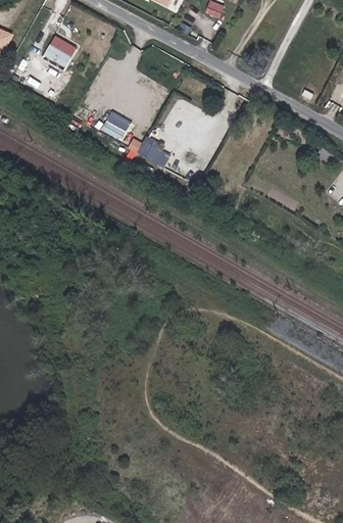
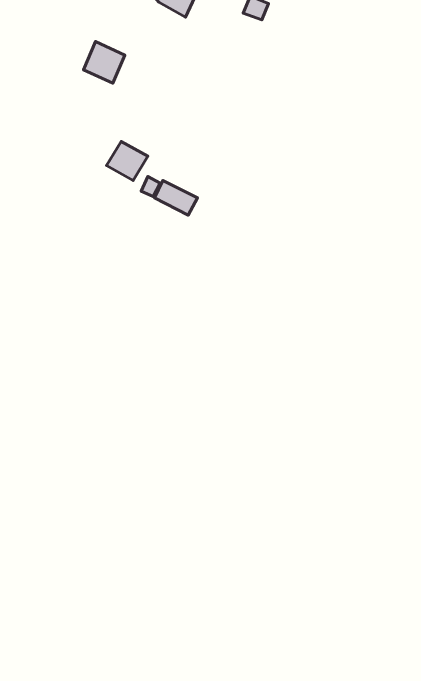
building: [46,33,78,64] -> [83,42,125,83]

